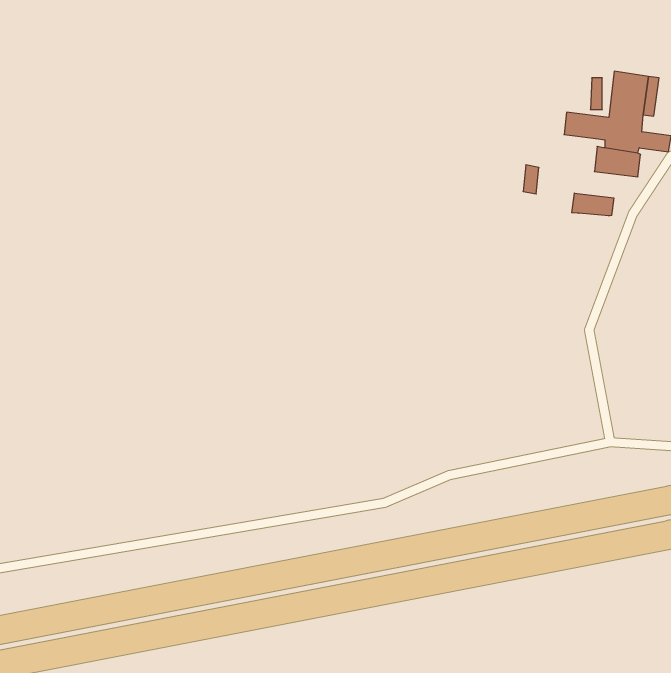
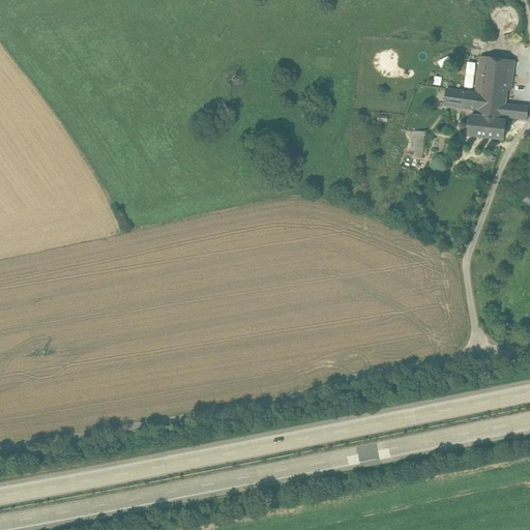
building: [572,193,614,216] -> none

